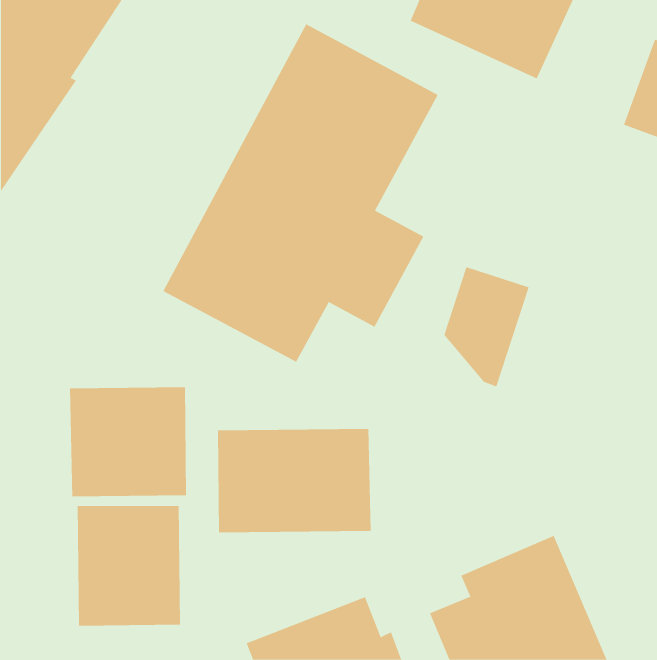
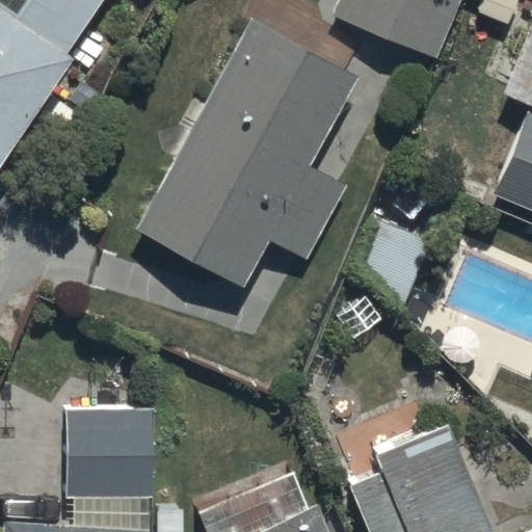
building: [70,386,186,497] -> none
building: [218,428,371,533] -> none

